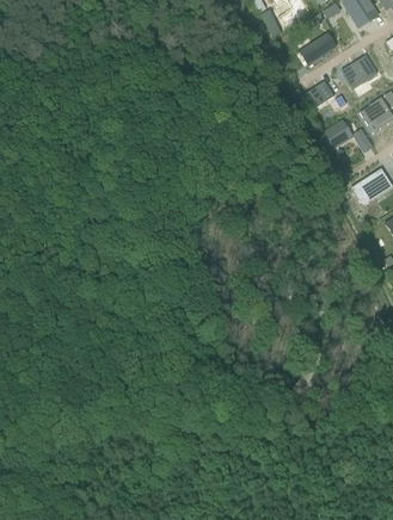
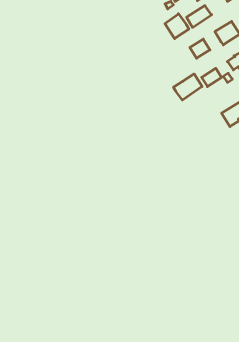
building: none -> [165,14,189,39]
building: none -> [174,74,202,100]

